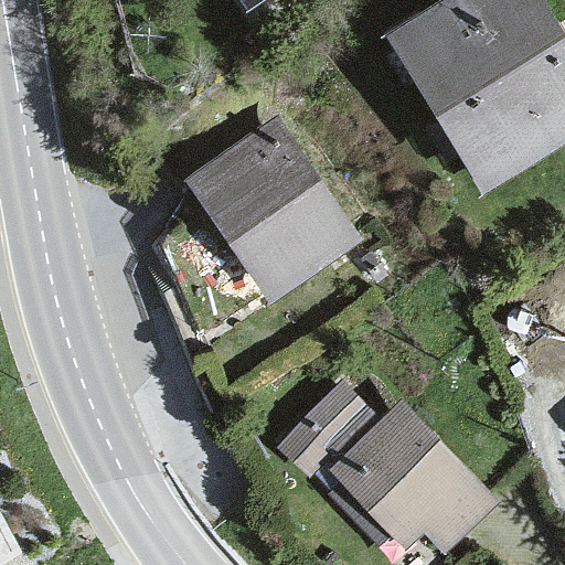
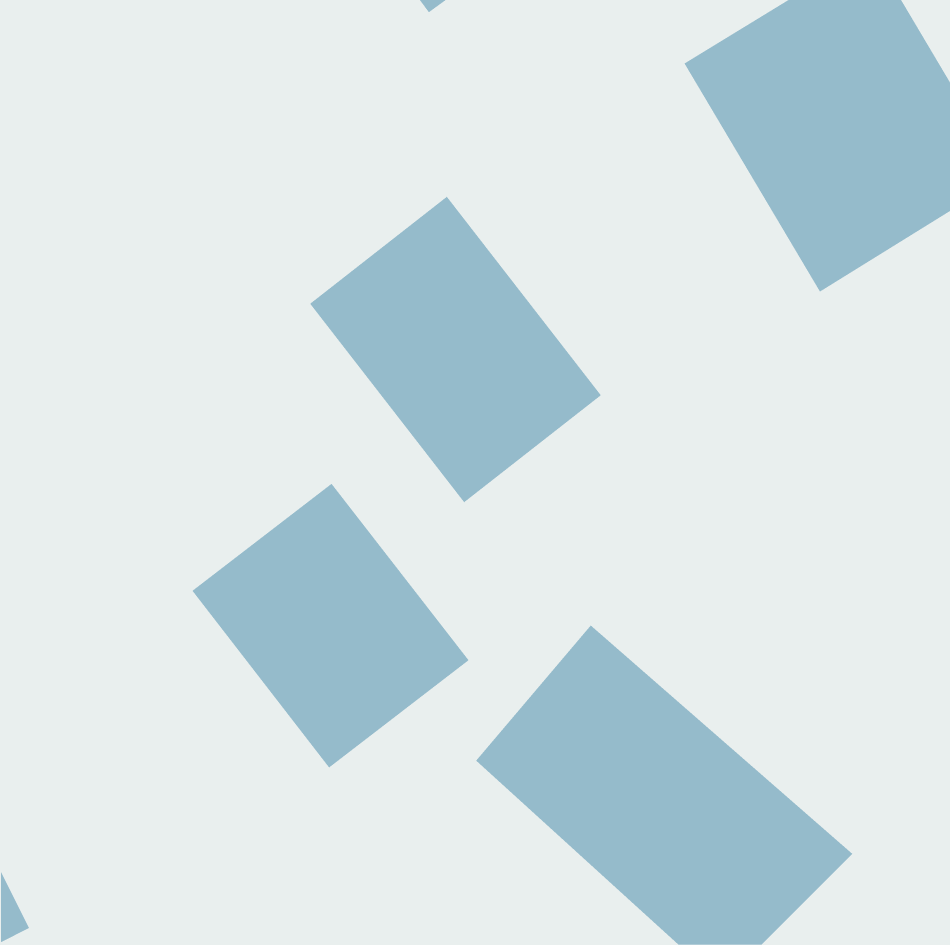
building: none -> [191,483,469,768]

